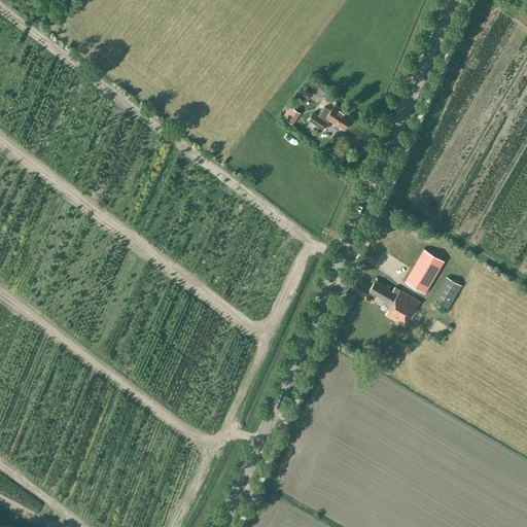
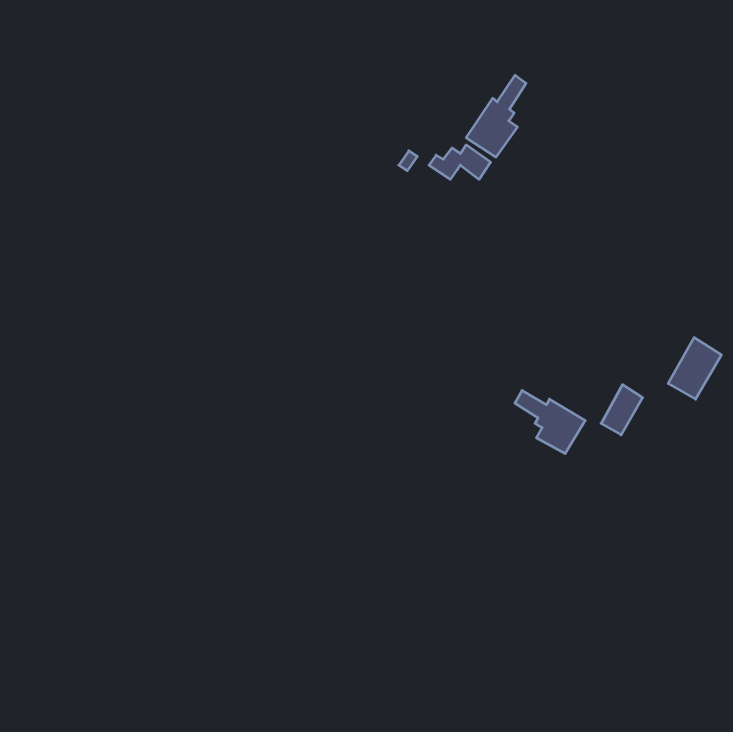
building: none -> [466,75,526,157]
building: [406,249,444,293] -> [668,338,721,399]

